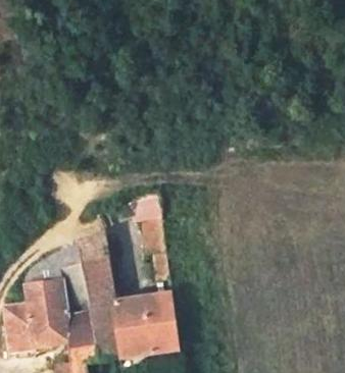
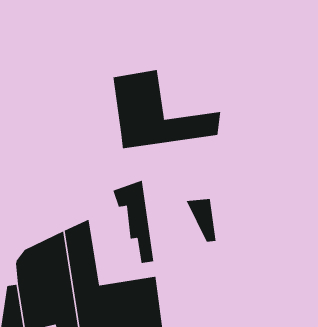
building: none -> [113,69,221,149]
building: none -> [186,198,216,243]

